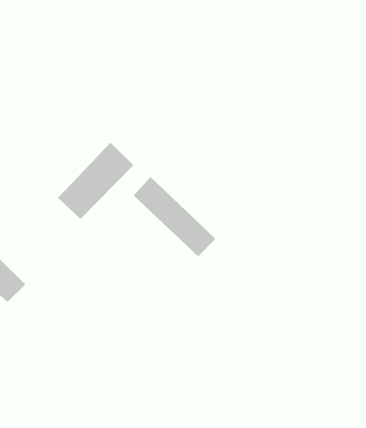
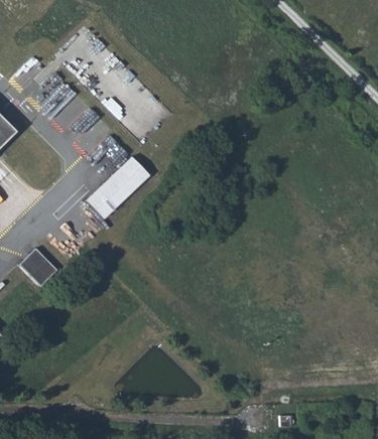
building: [133,176,216,257] -> none

